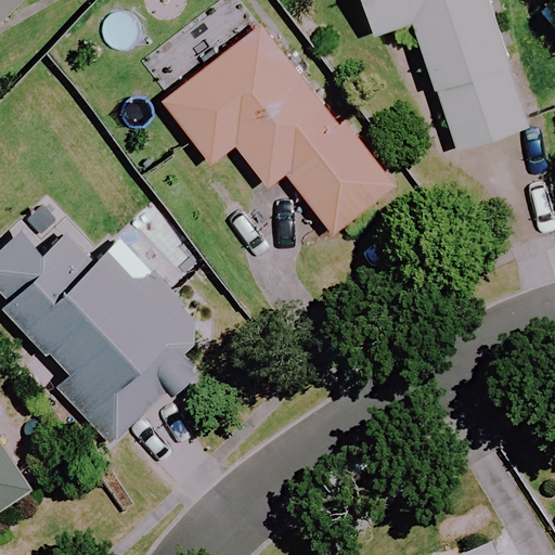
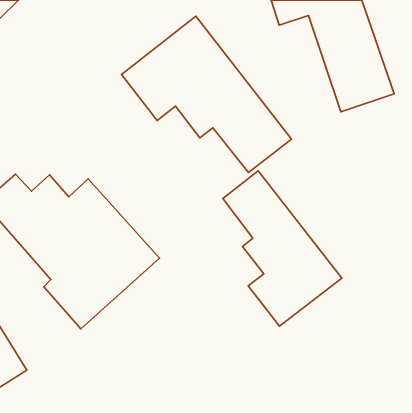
building: none -> [223,171,342,326]

